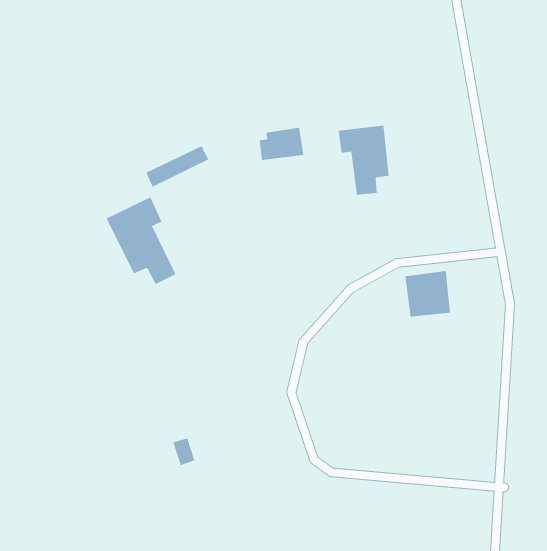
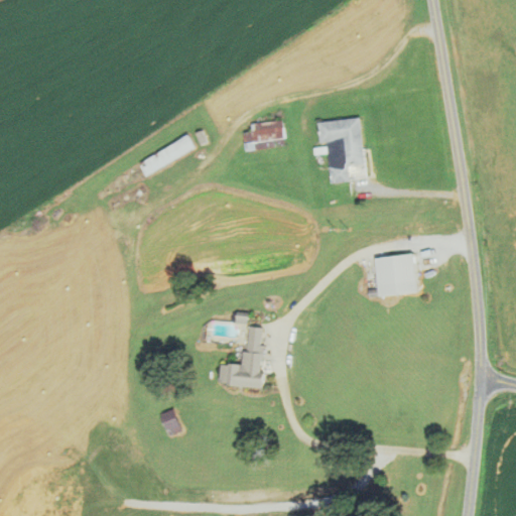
building: [106,196,176,285] -> none
building: none -> [220,327,261,387]

